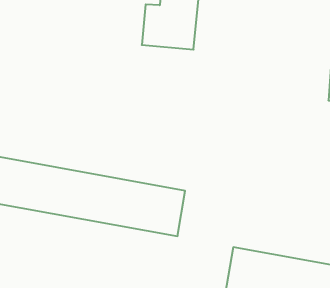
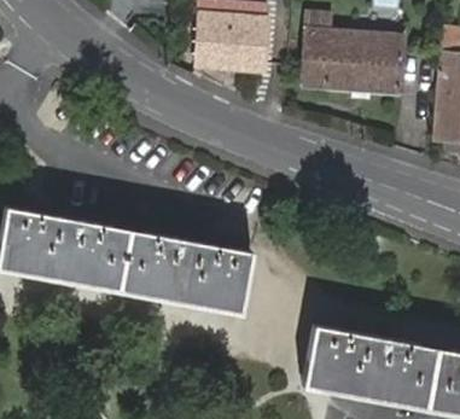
building: none -> [303,31,402,95]

